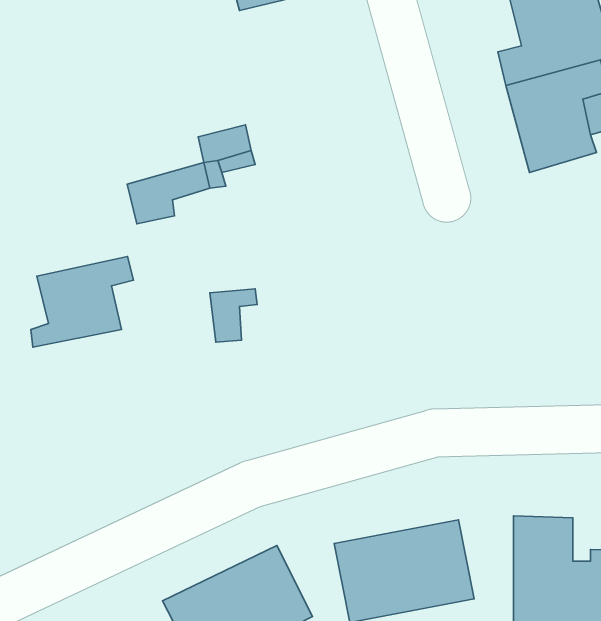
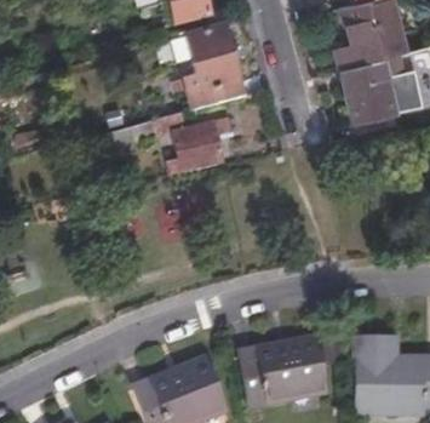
building: none -> [190,25,247,104]
building: [31,256,133,347] -> [172,118,235,173]

